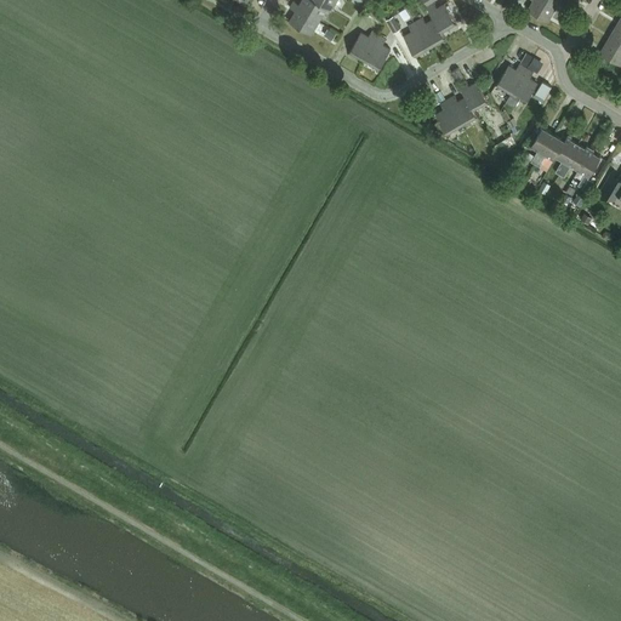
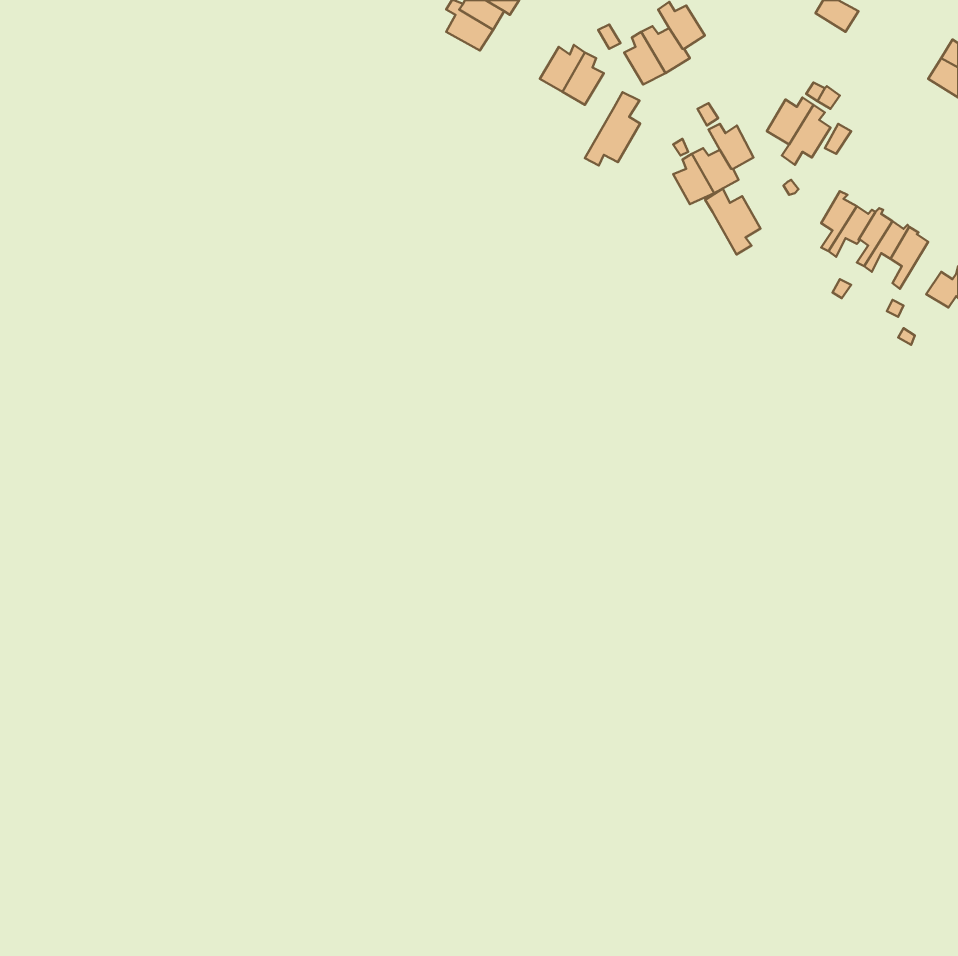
building: none -> [585,92,640,166]
building: none -> [705,189,761,254]

